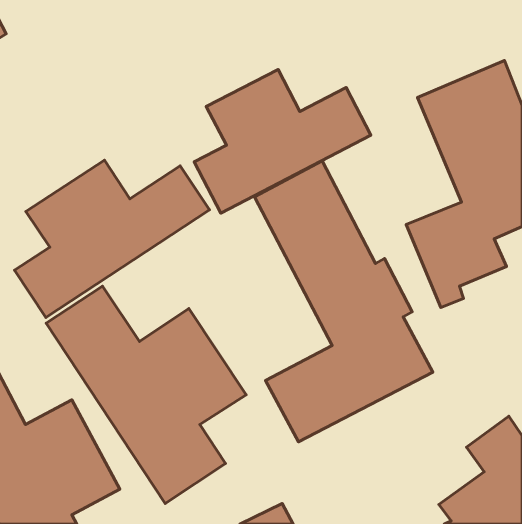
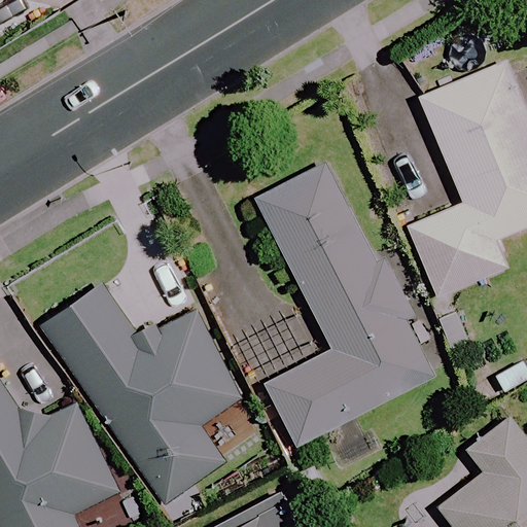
building: [194,69,371,213] -> none
building: [15,160,209,318] -> none

